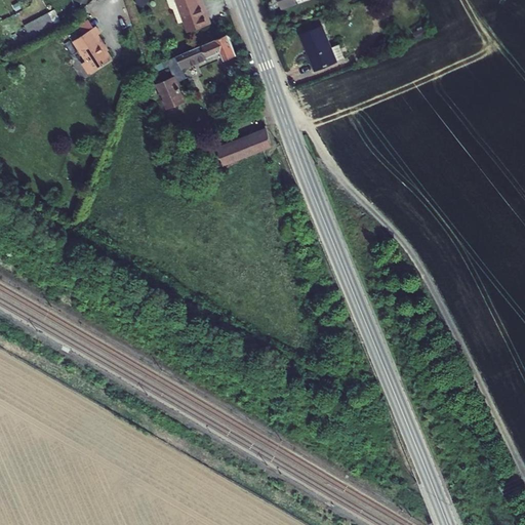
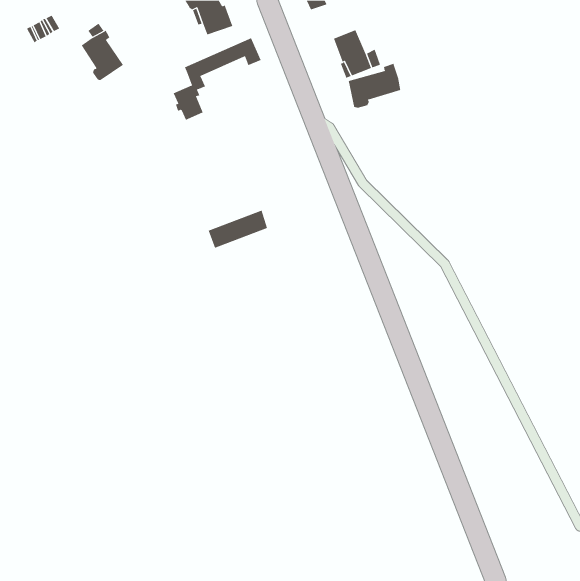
building: none -> [348,63,401,108]
building: [216,130,271,165] -> [208,210,268,249]

